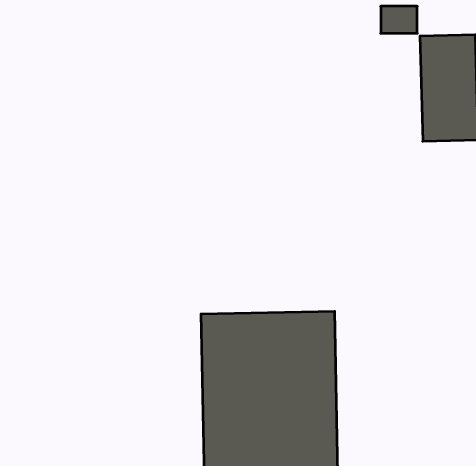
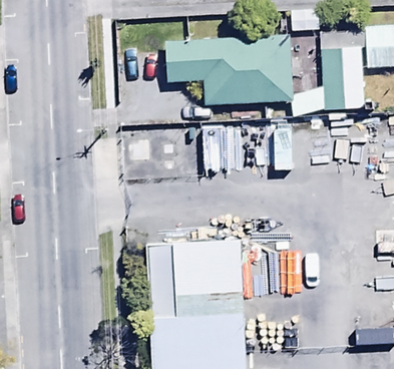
building: none -> [162,37,292,106]

